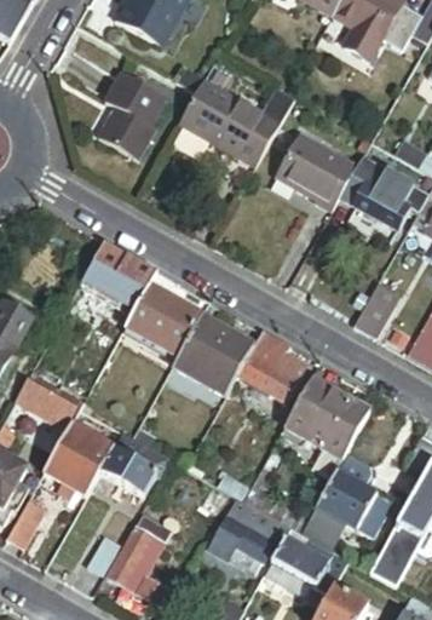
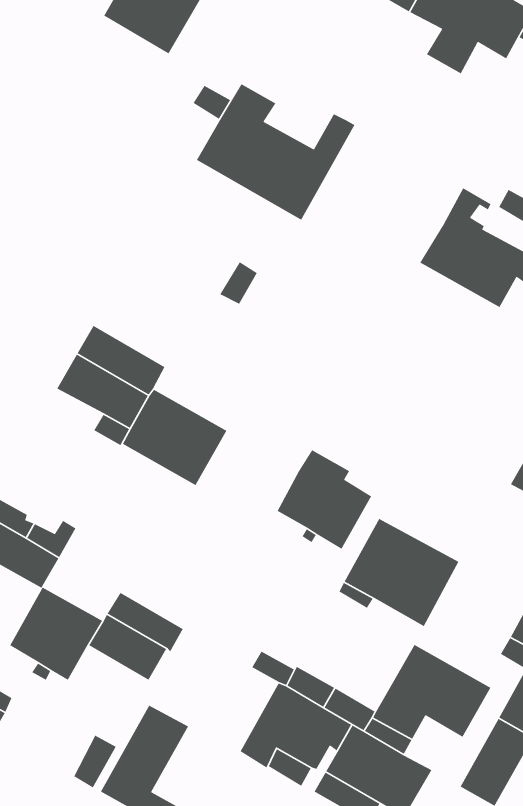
building: [98,69,167,157] -> none
building: [277,134,357,208] -> none
building: [353,282,399,338] -> none
building: [173,316,253,395] -> none

